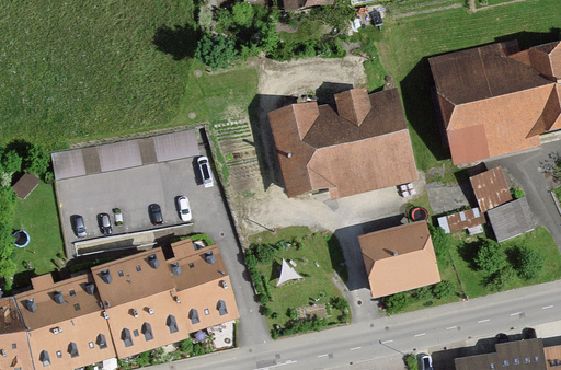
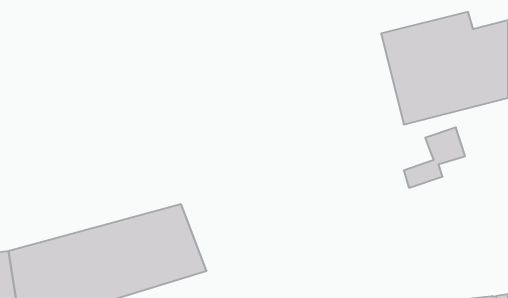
building: [275,90,421,210] -> none
building: [485,193,534,235] -> none
building: [362,222,443,301] -> none

